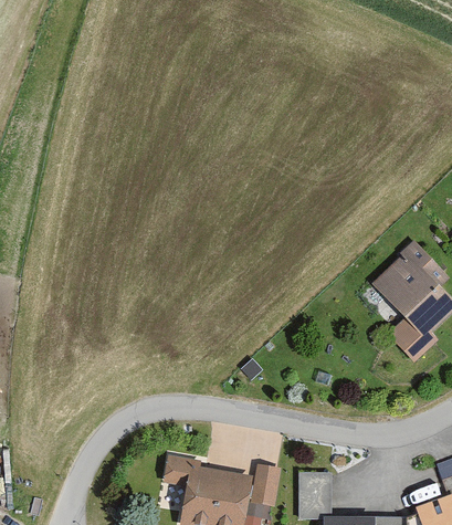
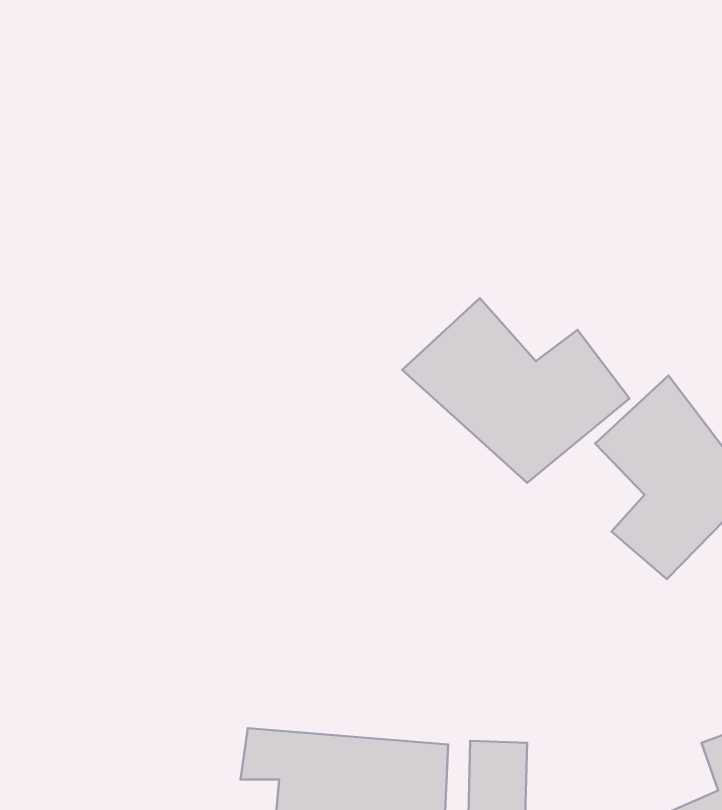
building: none -> [402,298,629,483]

